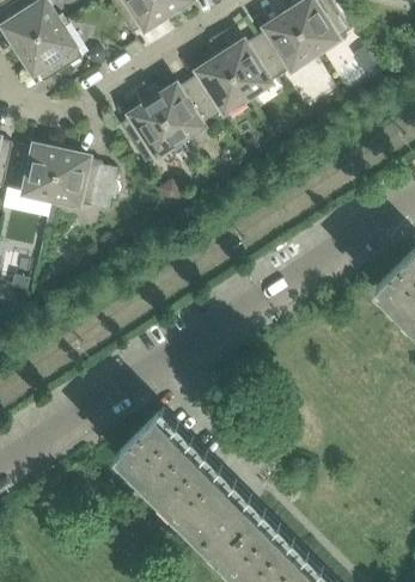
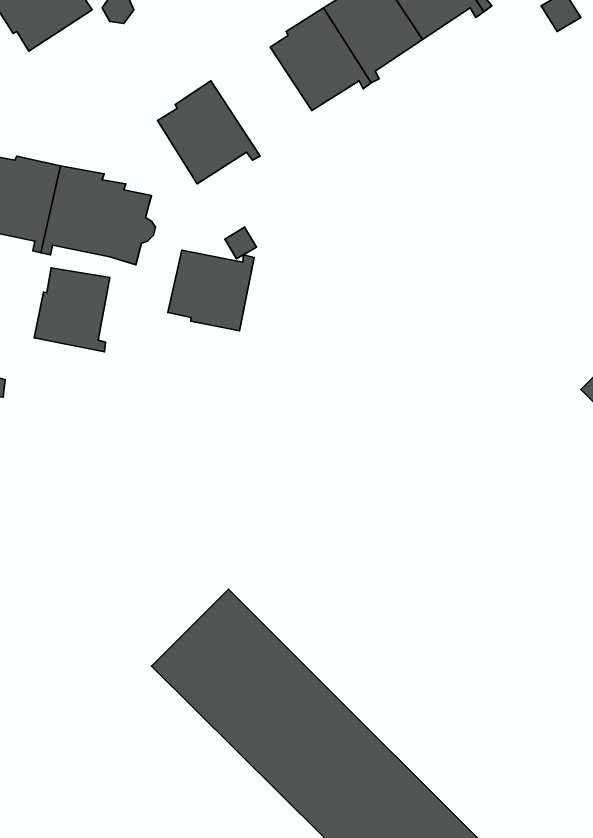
building: [147,82,208,148] -> none
building: none -> [168,250,254,331]
building: none -> [34,268,110,352]

